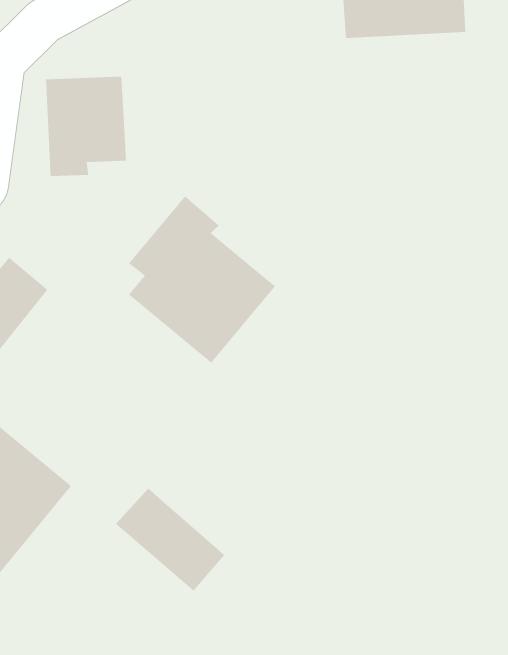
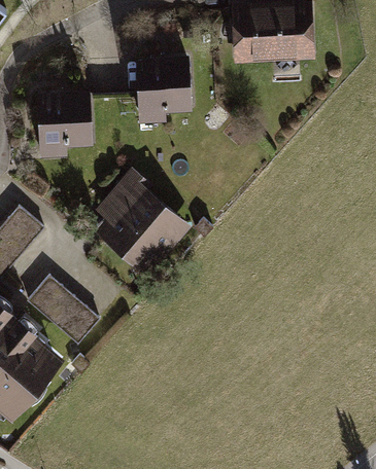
building: none -> [138,53,192,118]
building: [115,488,225,591] -> [26,276,98,344]

